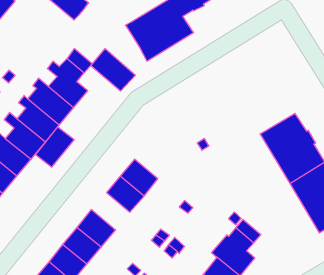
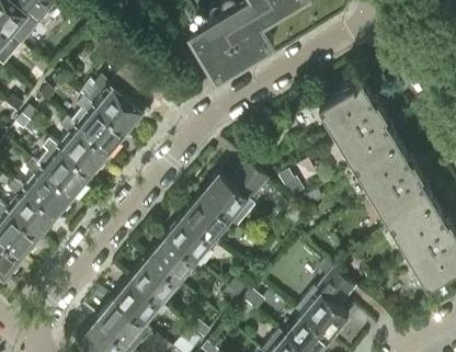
building: [91,49,135,91] -> none
building: none -> [317,82,396,168]
building: [35,127,74,167] -> none
building: none -> [200,164,266,228]
building: none -> [147,239,194,285]

